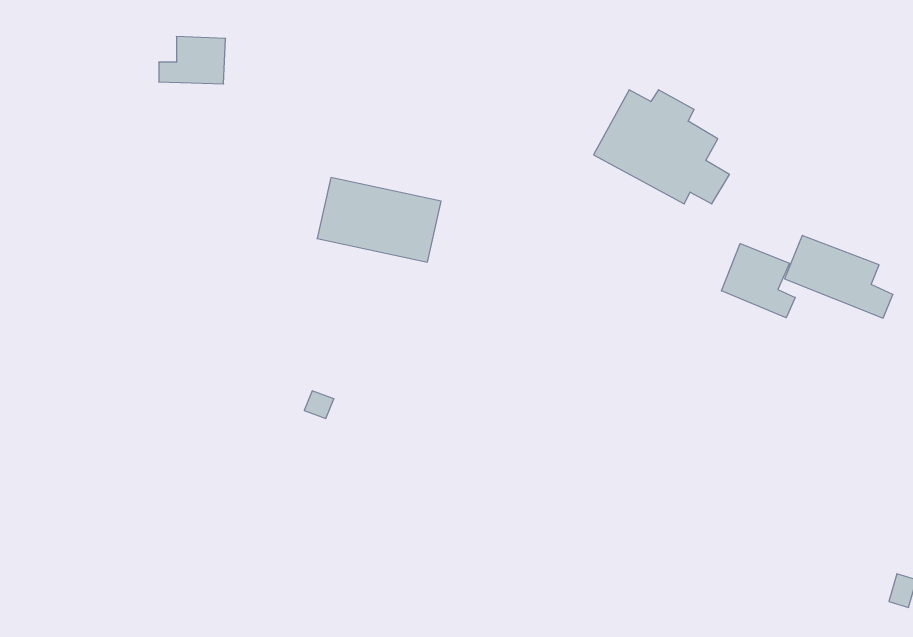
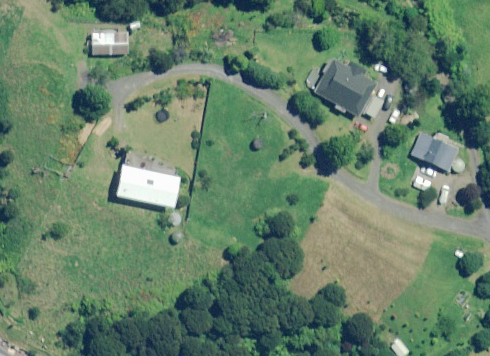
building: [317,178,441,262] -> [114,164,177,207]
building: [721,244,795,318] -> none

